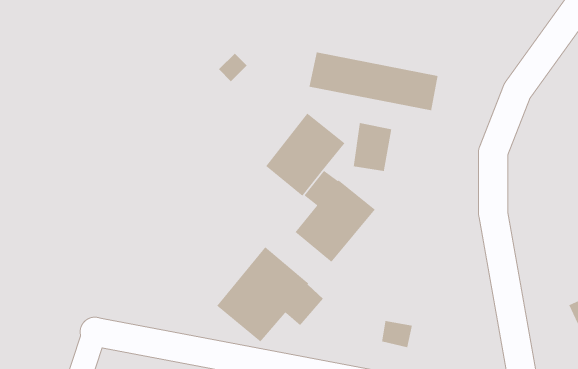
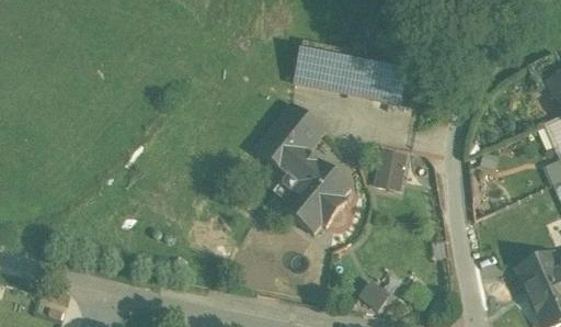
building: [353,122,392,172] -> [373,147,407,190]
building: [216,246,324,343] -> none

